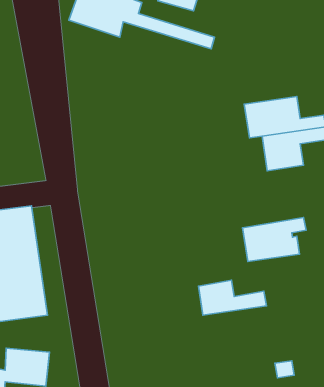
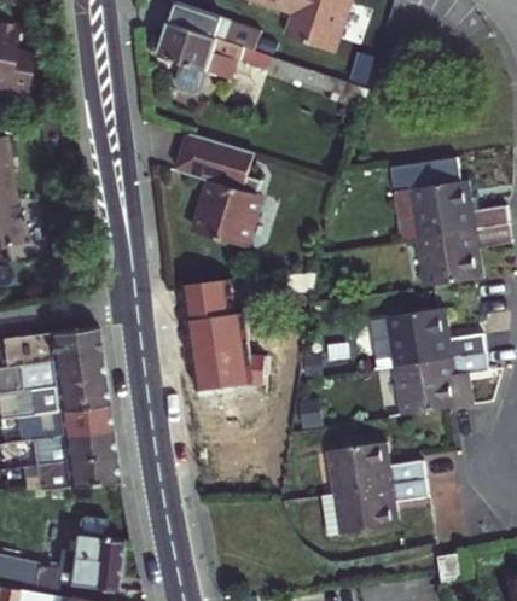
building: none -> [167,141,251,258]
building: none -> [173,294,256,396]
building: none -> [376,304,486,363]
building: none -> [329,471,435,529]

